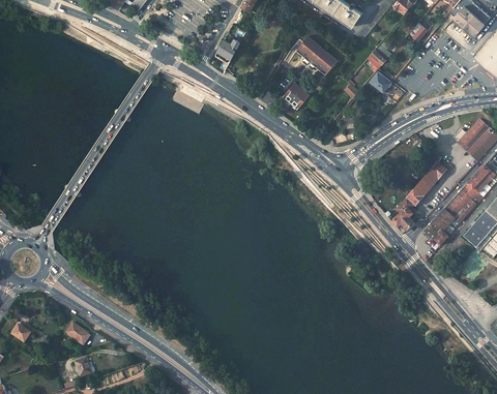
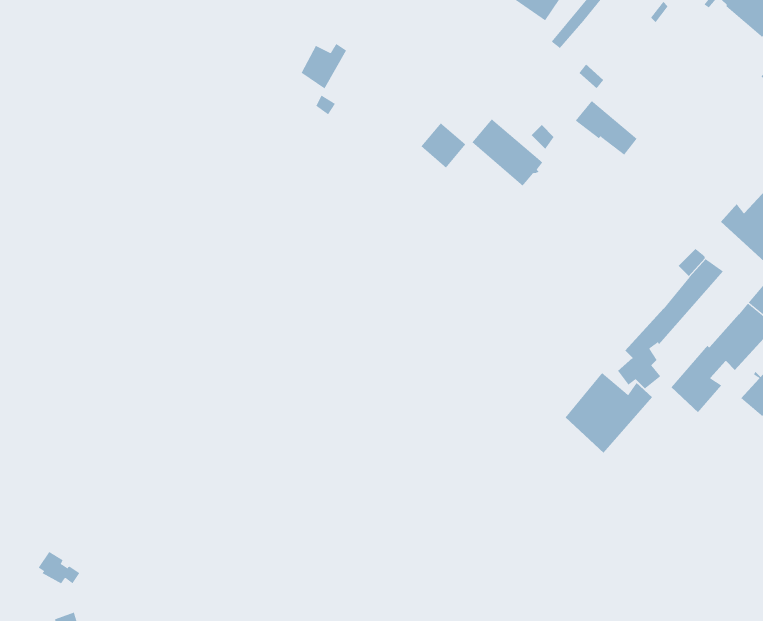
building: [296,35,337,73] -> [471,118,543,186]
building: none -> [565,372,653,454]

